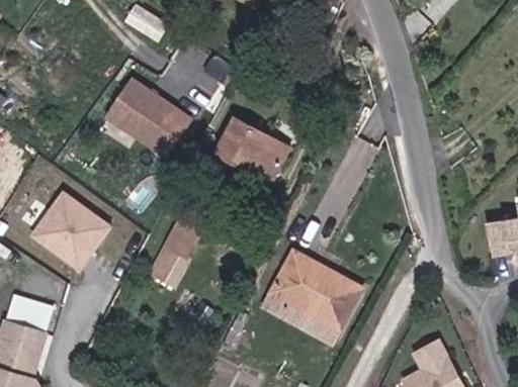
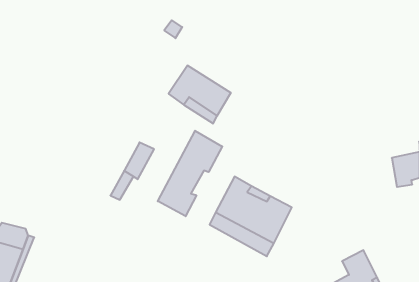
building: [101,80,185,158] -> none
building: [27,188,109,269] -> none
building: none -> [158,131,222,216]

